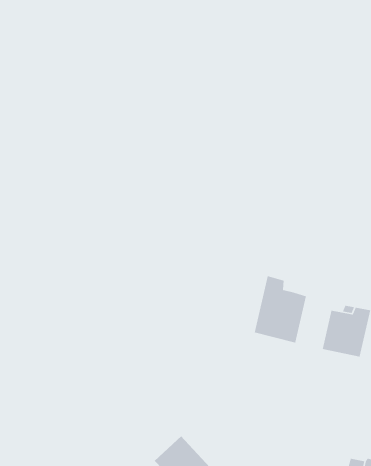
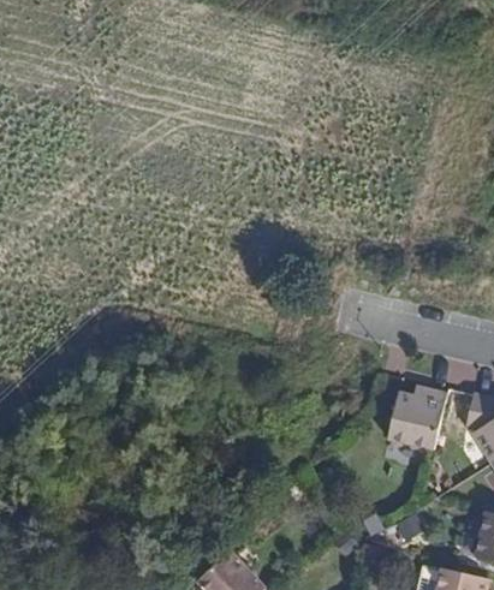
building: [254,275,307,344] -> none

